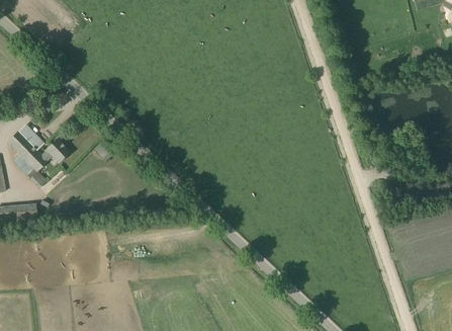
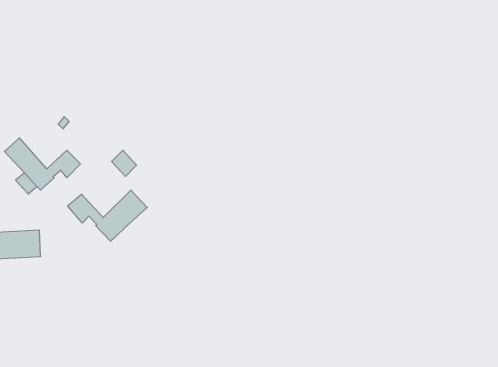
building: none -> [68,190,147,241]

